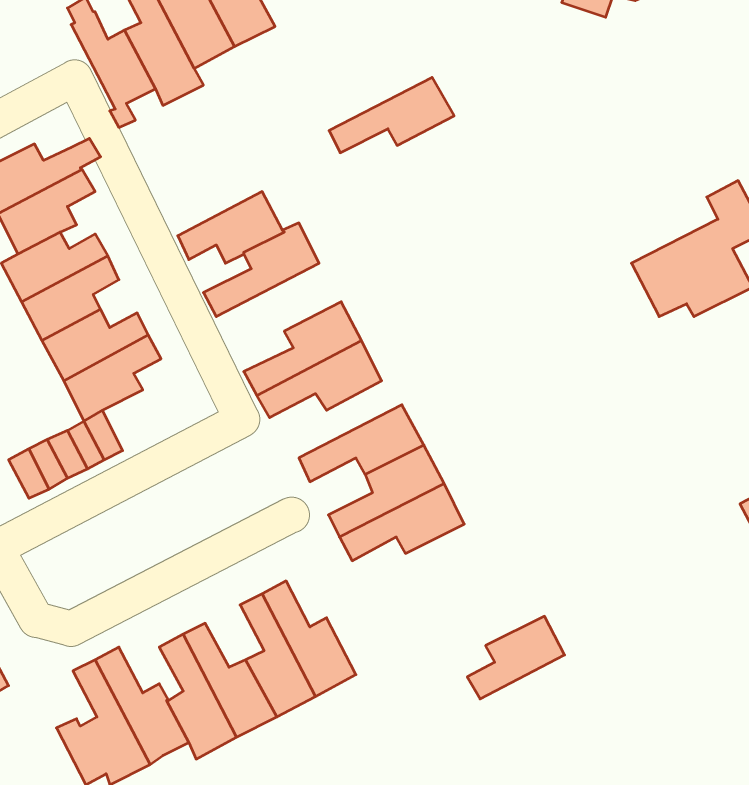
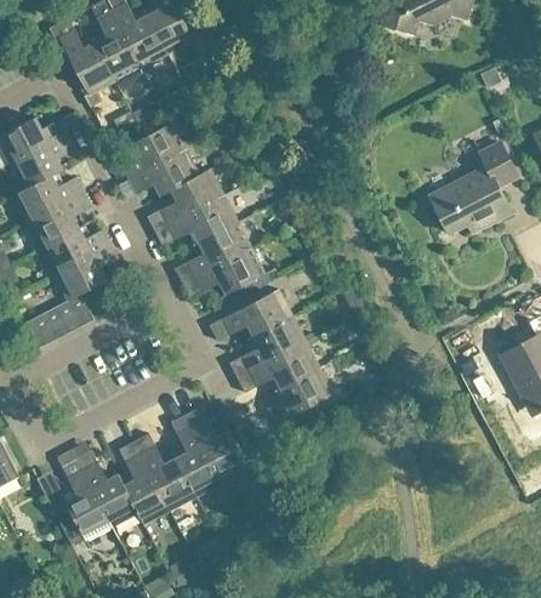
building: [329,77,454,153] -> [155,195,238,245]
building: none -> [121,121,186,177]
building: [467,616,565,699] -> [268,368,332,422]

